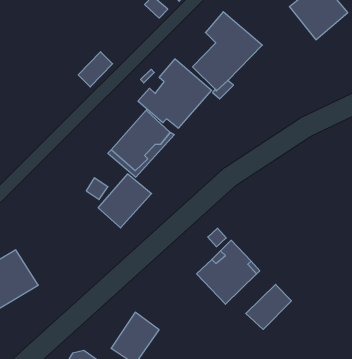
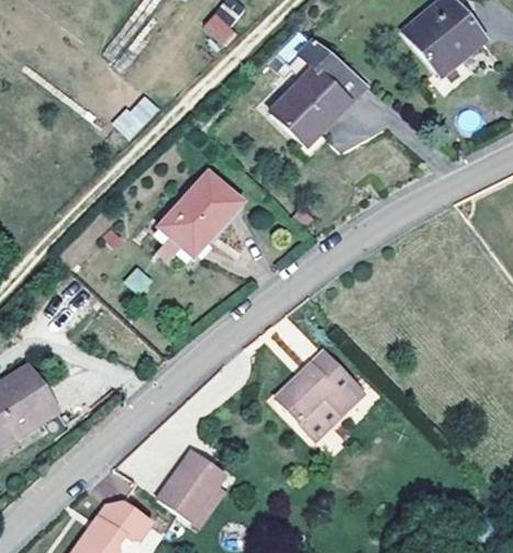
building: [138,59,212,128] -> none
building: [98,174,152,228] -> none
building: [246,284,291,329] -> none

